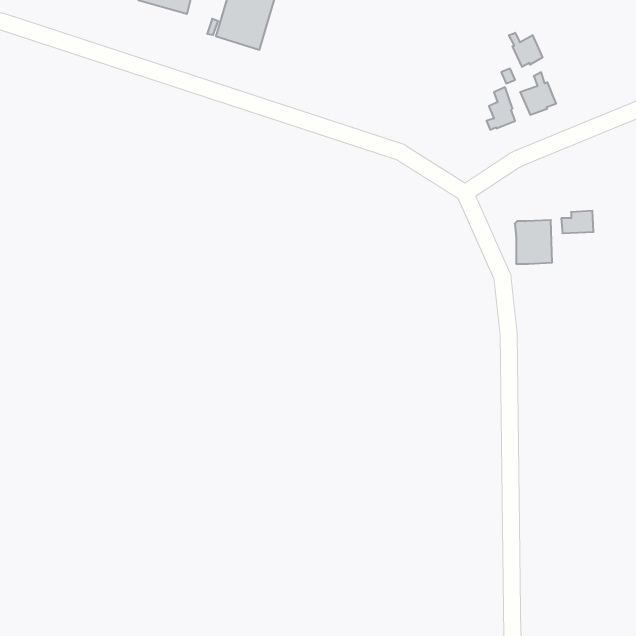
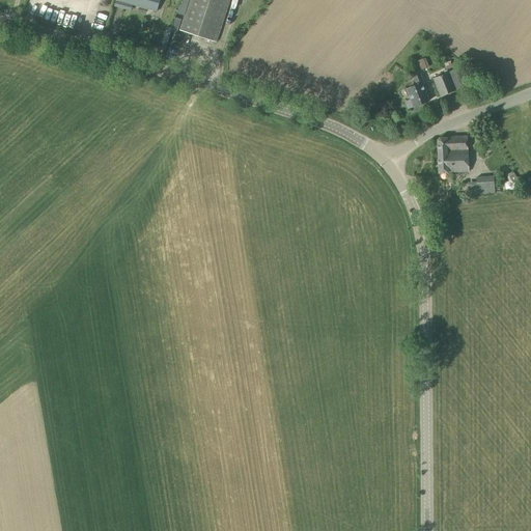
building: [509,33,543,67] -> none
building: [515,220,552,264] -> [438,136,469,172]

